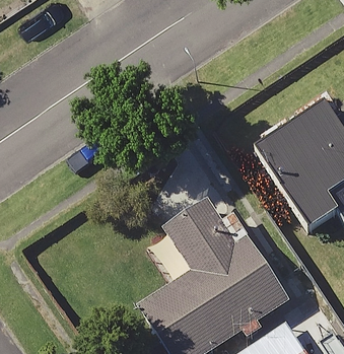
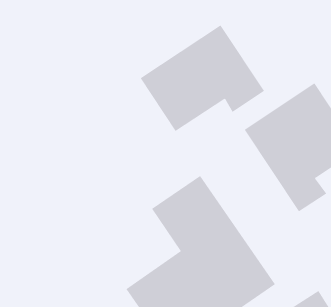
building: none -> [140,25,265,132]

